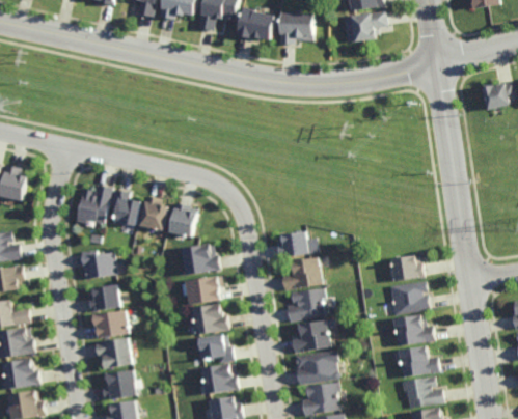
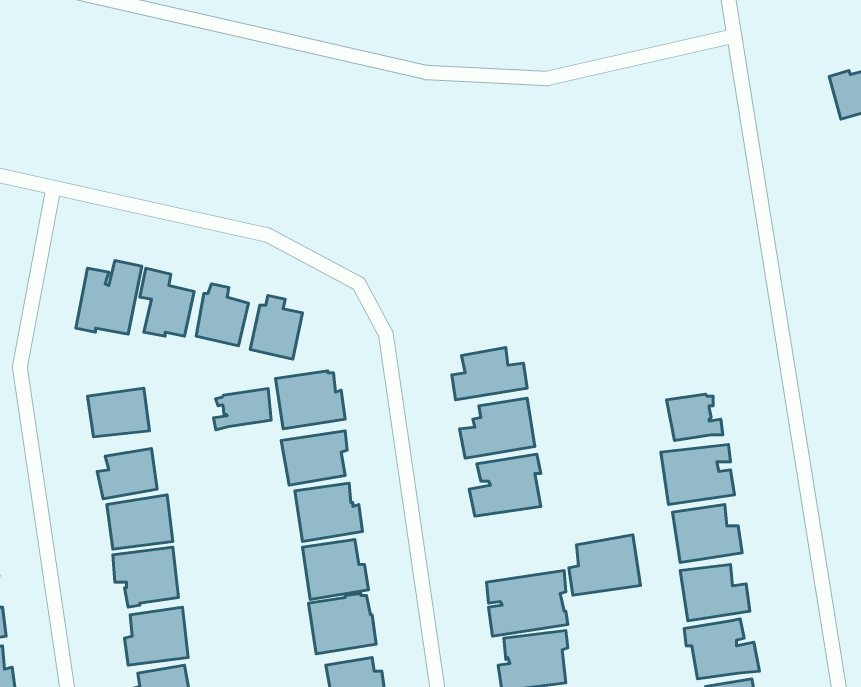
building: none -> [214,388,271,430]
building: [292,319,330,352] -> [569,535,641,595]

